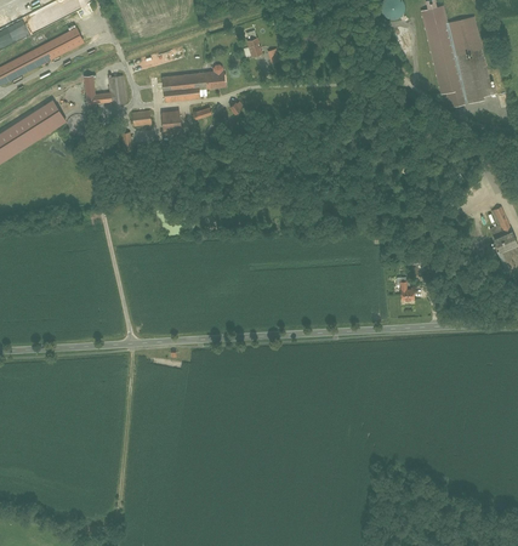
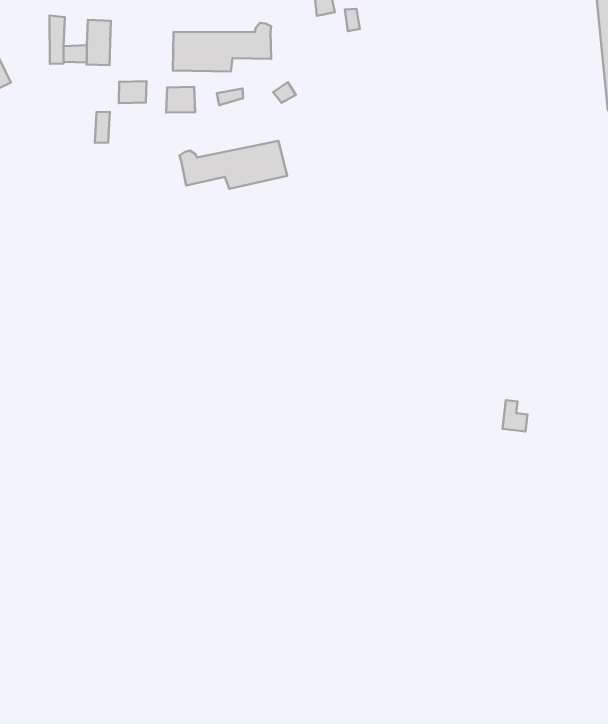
building: none -> [179,141,287,189]

